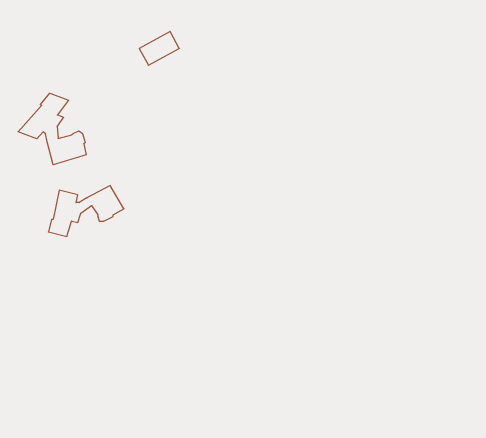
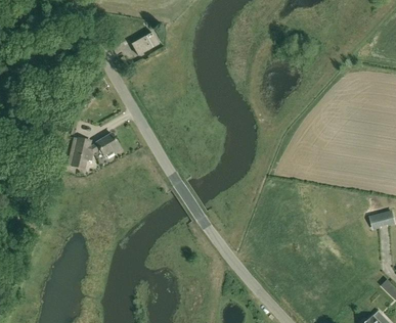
building: [18,93,86,165] -> none

